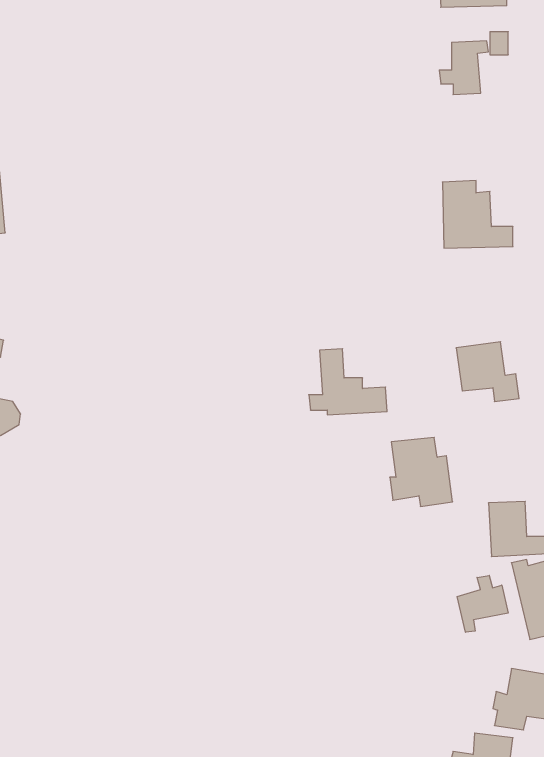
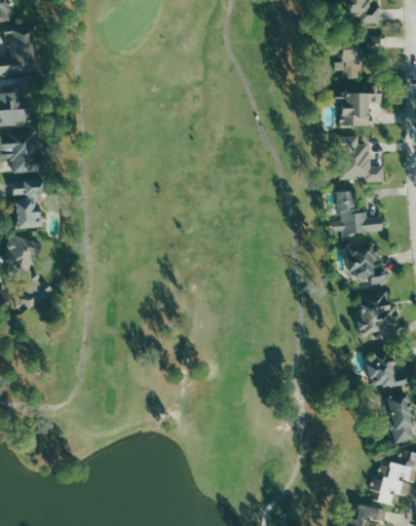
building: none -> [341,86,380,125]
building: [309,349,387,415] -> [330,190,382,234]
building: [390,437,453,506] -> [357,294,400,340]
building: [457,575,508,632] -> none

